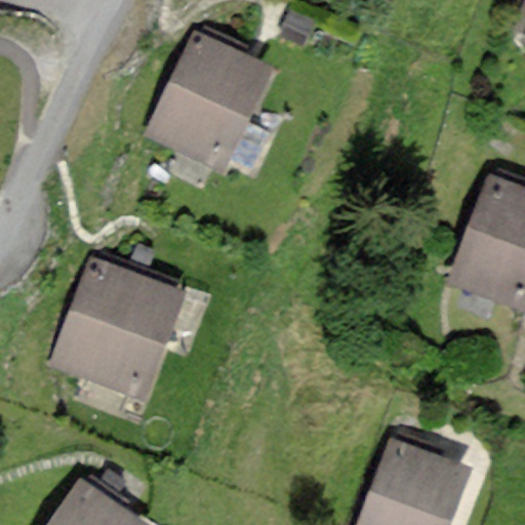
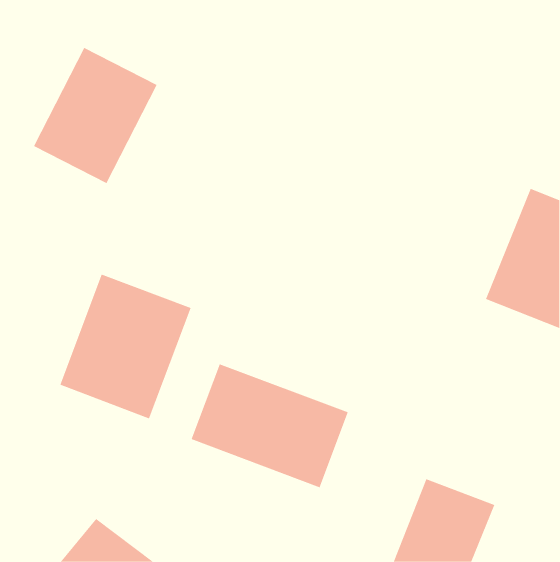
building: [151,33,267,160] -> [33,47,157,184]
building: none -> [191,363,348,488]

